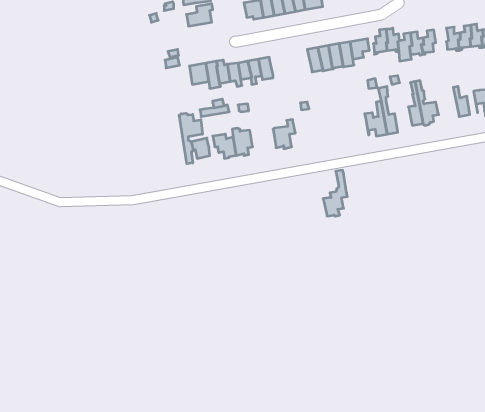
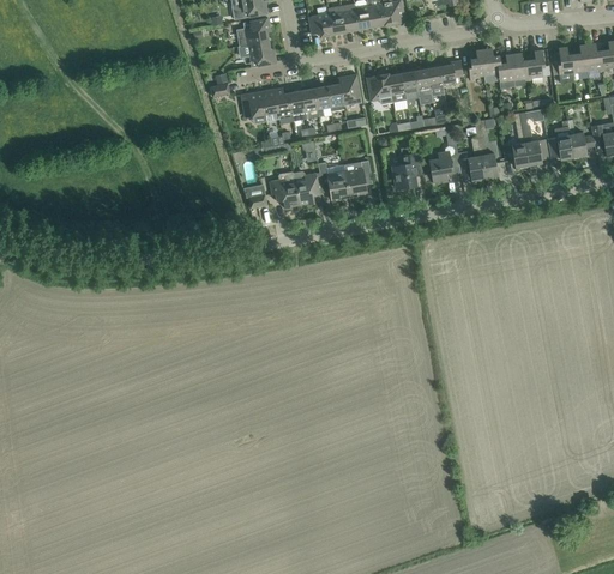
building: none -> [239,41,276,66]
building: none -> [338,74,362,105]
building: none -> [366,74,392,104]
building: none -> [547,121,573,159]
building: none -> [392,146,422,189]
building: [179,113,202,164] -> none
building: none -> [318,162,348,200]
building: [323,170,347,216] -> [428,126,458,182]

